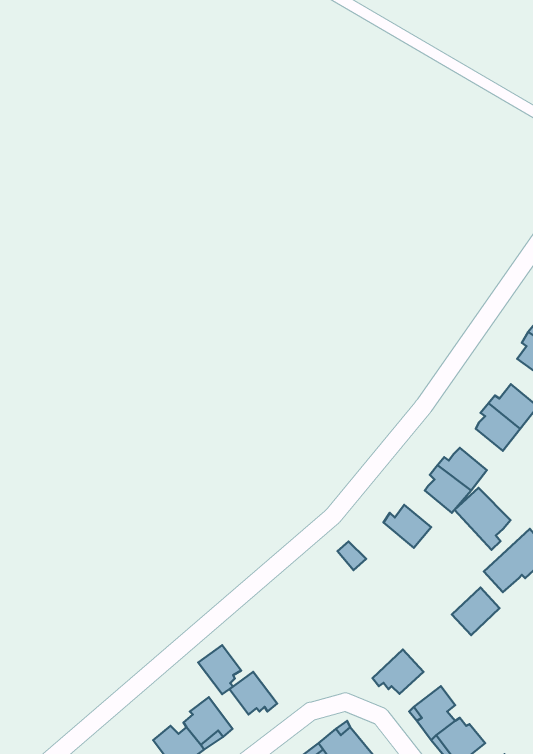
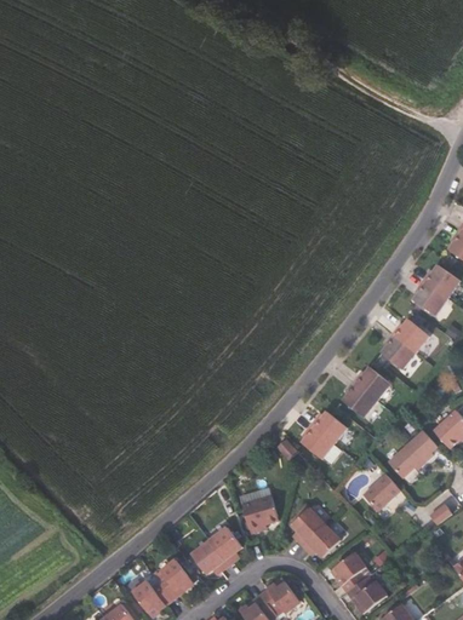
building: [455,488,510,550] -> none
building: none -> [301,425,333,460]
building: none -> [245,494,281,532]
building: none -> [291,505,325,544]
building: [198,645,241,694] -> [211,526,244,563]

